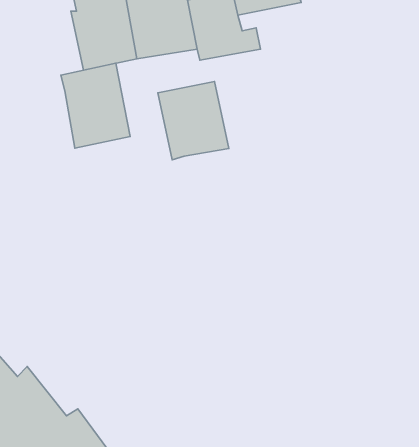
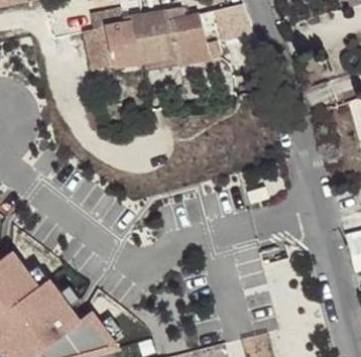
building: [61,63,130,148] -> none
building: [158,82,229,160] -> none

